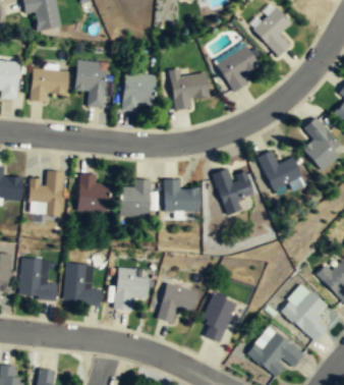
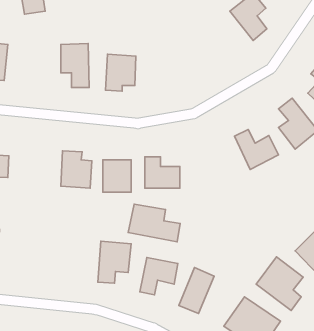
building: [216,44,259,92] -> none
building: [168,68,209,109] -> none
building: [33,70,68,101] -> none
building: [215,168,255,215] -> none
building: [28,169,63,215] -> none
building: none -> [128,204,180,242]
building: [21,259,56,298] -> none
building: [64,263,102,304] -> none

